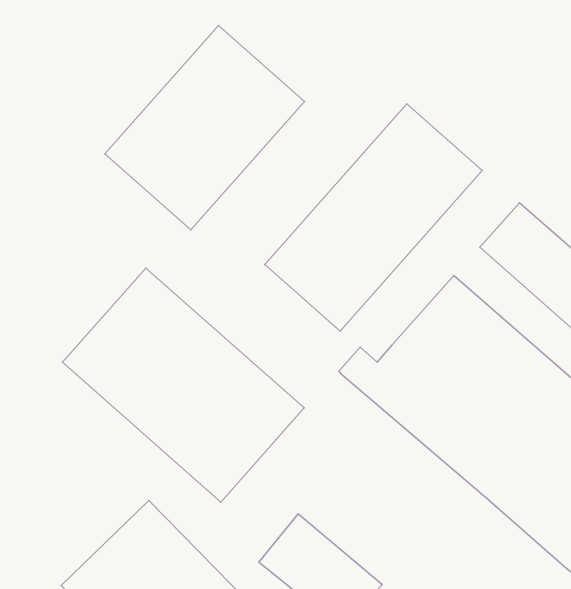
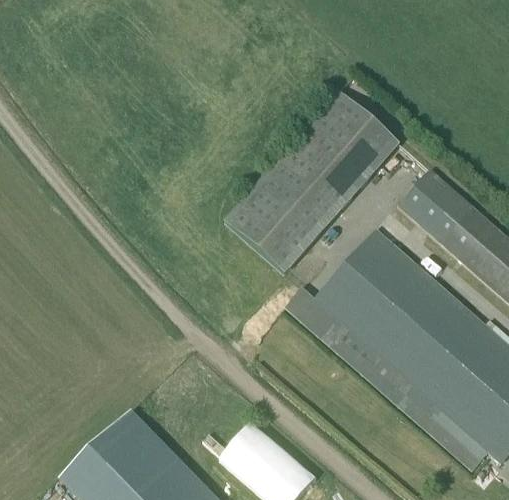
building: [105,26,305,230] -> none
building: [63,268,304,502] -> none

